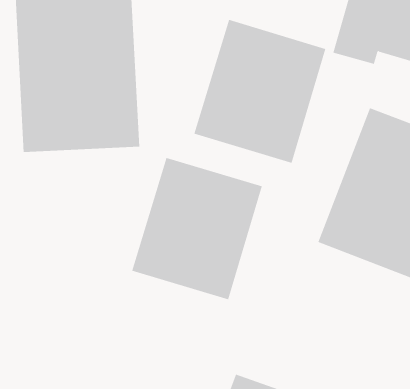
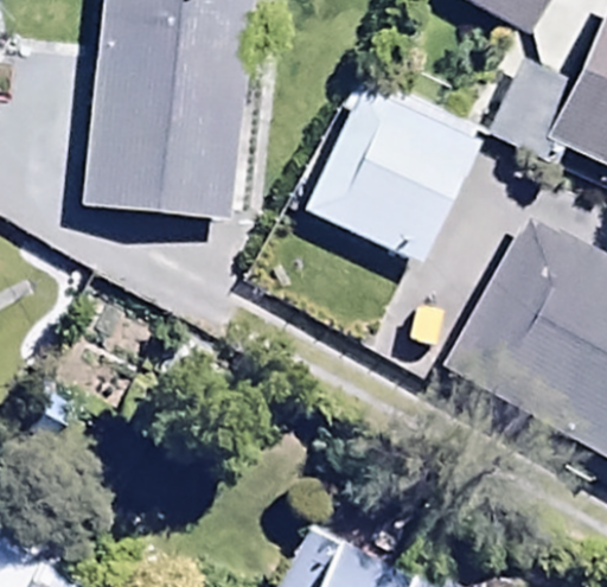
building: [131,157,262,300] -> none

